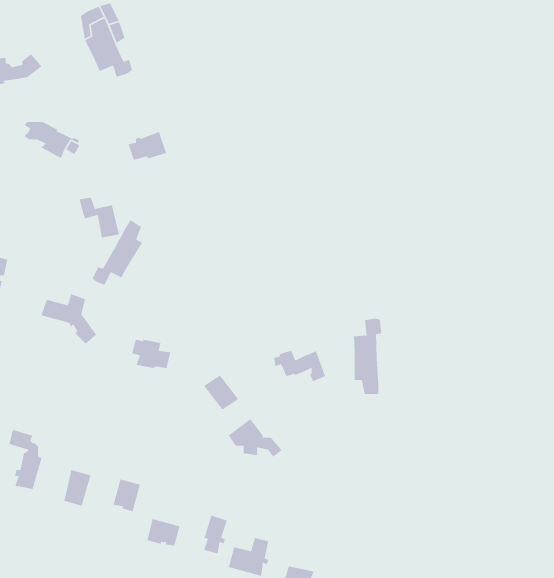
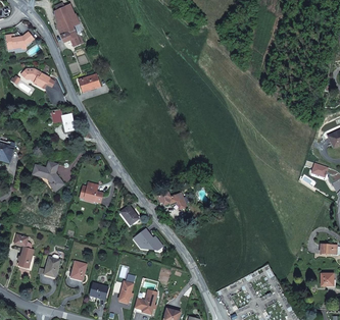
building: [92,219,143,286] -> none
building: [353,318,382,395] -> none

